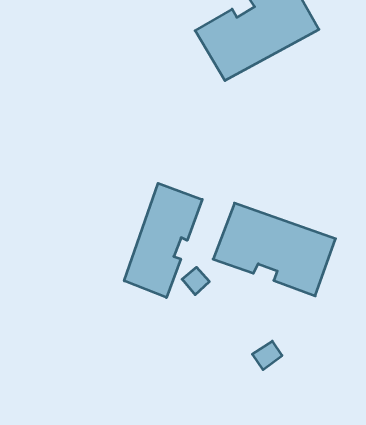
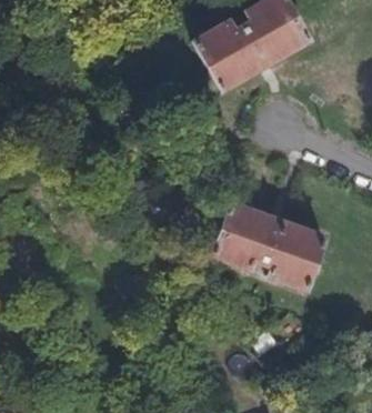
building: [124,183,202,298] -> none

